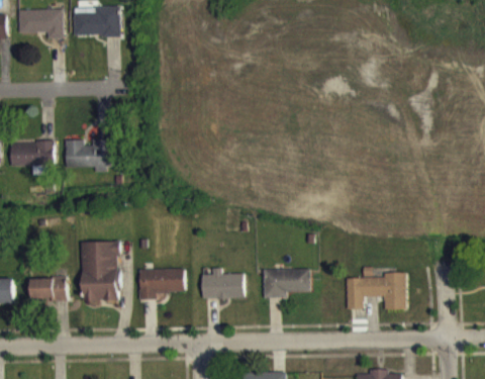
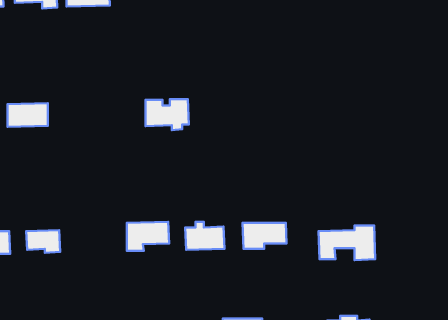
building: [67,138,113,172] -> [145,99,189,130]
building: [82,241,121,300] -> none

